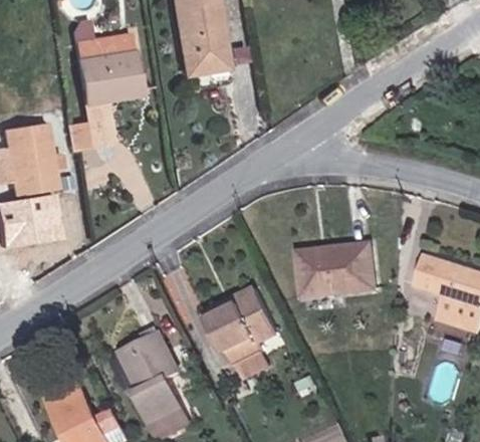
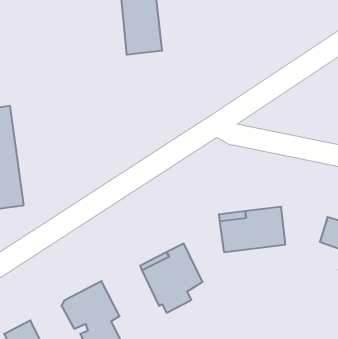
building: [64,30,141,147] -> none

